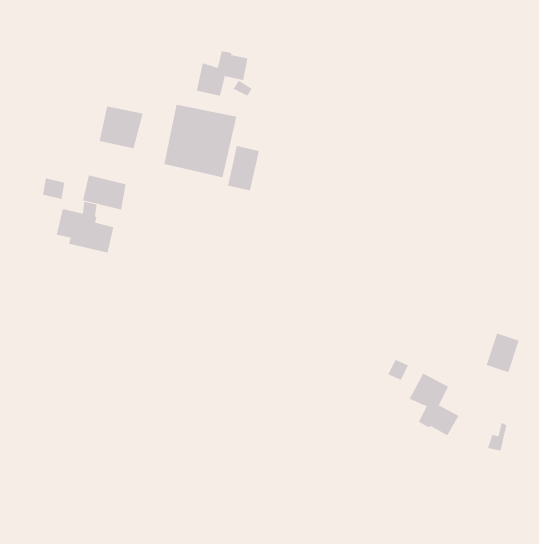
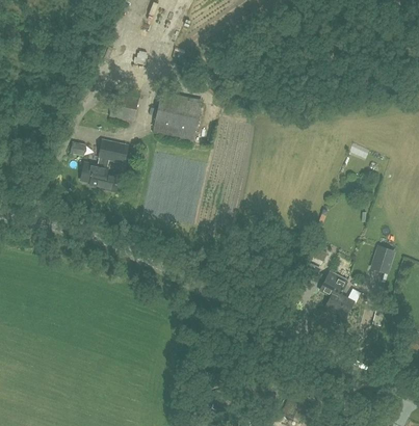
building: [196,51,248,97] -> none
building: [227,145,260,191] -> none

